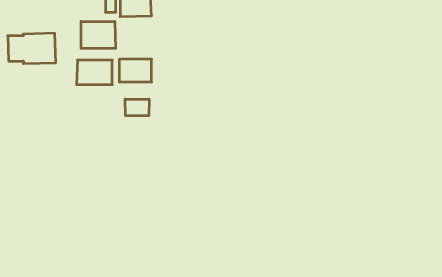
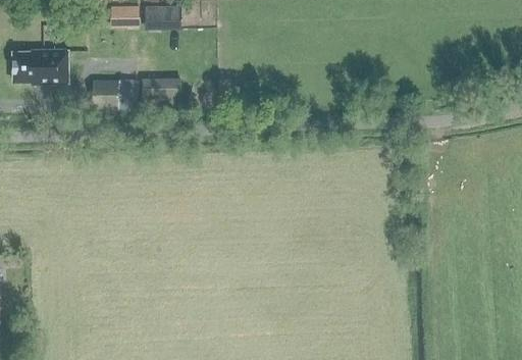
building: [81,21,116,48] -> none
building: [125,99,149,116] -> none

